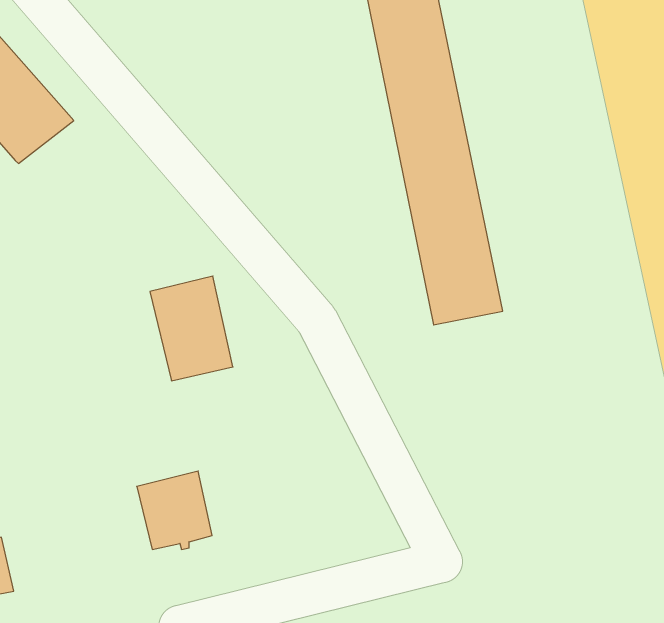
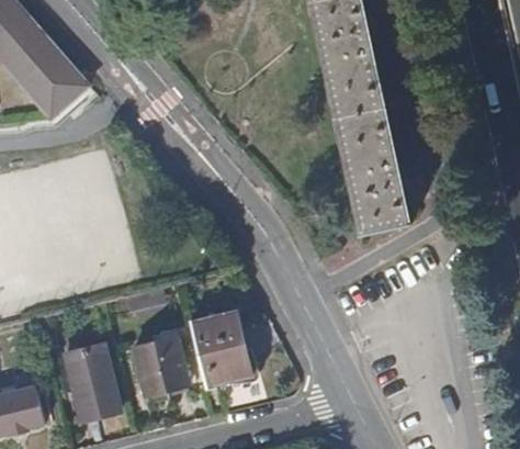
building: [150,276,233,381] -> [196,311,256,385]
building: none -> [72,347,125,420]

